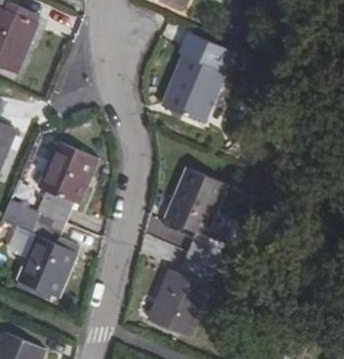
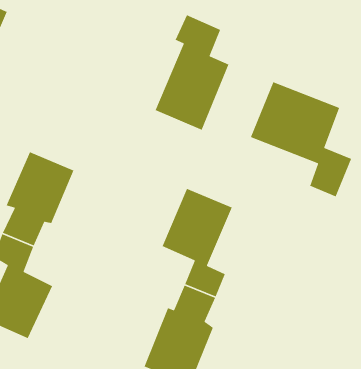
building: none -> [250,81,352,198]

